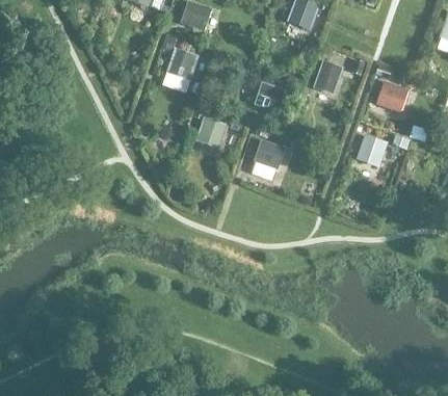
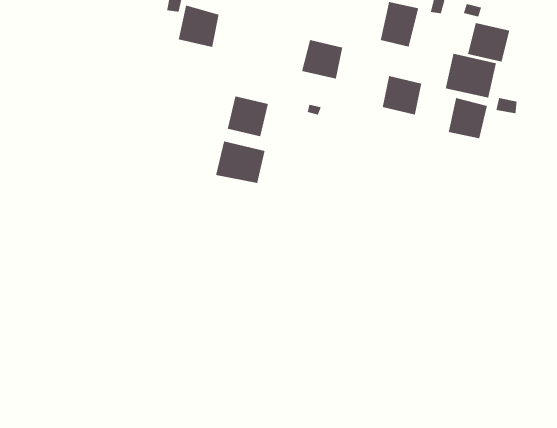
building: none -> [445,53,497,98]
building: [254,138,285,169] -> [382,75,422,115]
building: none -> [215,141,265,184]

